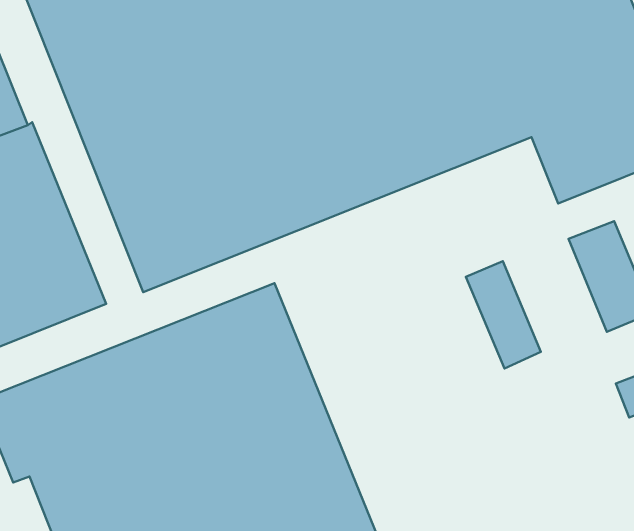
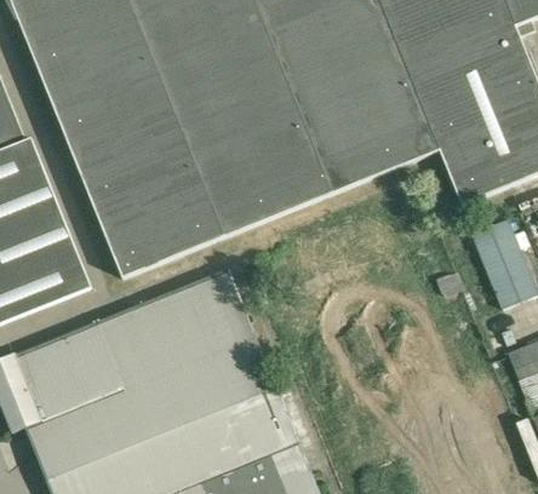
building: [466,261,541,368] -> none

